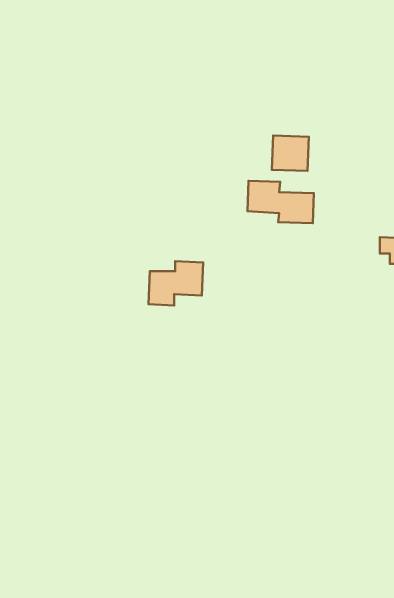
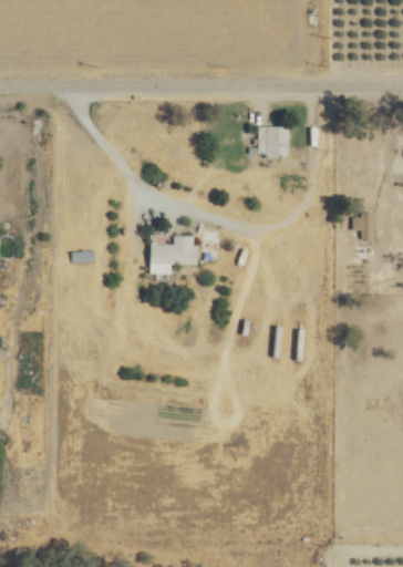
building: [248,181,314,223] -> none

